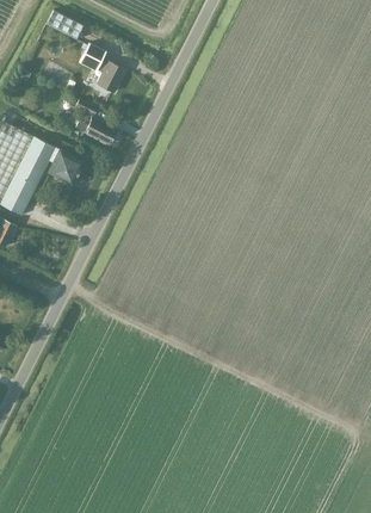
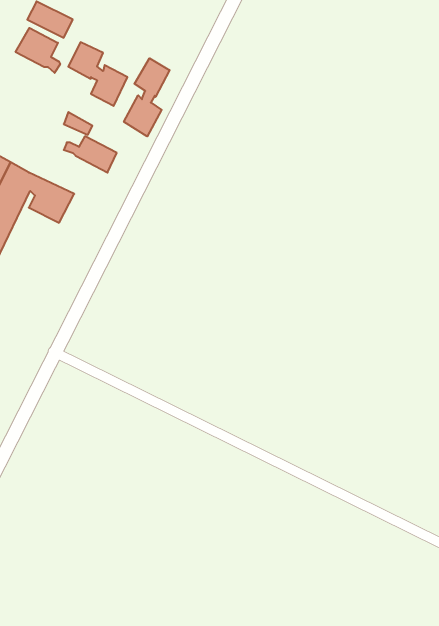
building: none -> [16,28,60,73]
building: none -> [124,58,170,136]

